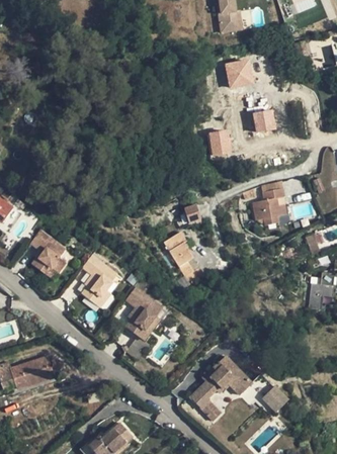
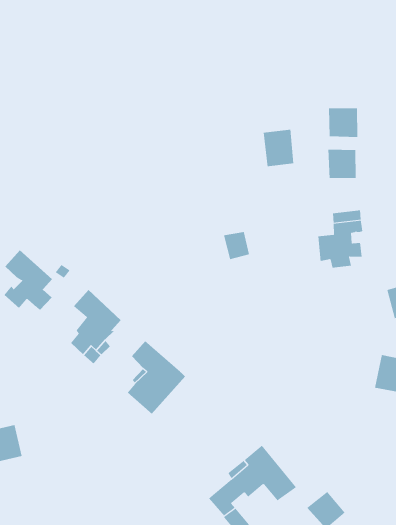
building: [225,58,255,87] -> none
building: none -> [328,149,356,179]
building: [164,232,204,283] -> none

